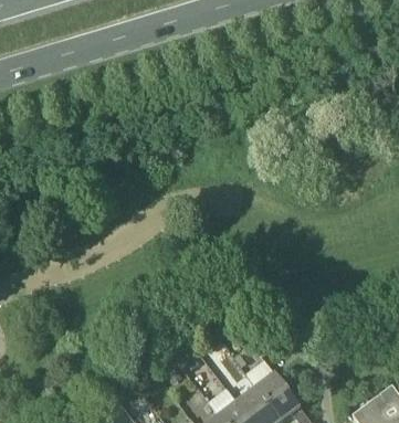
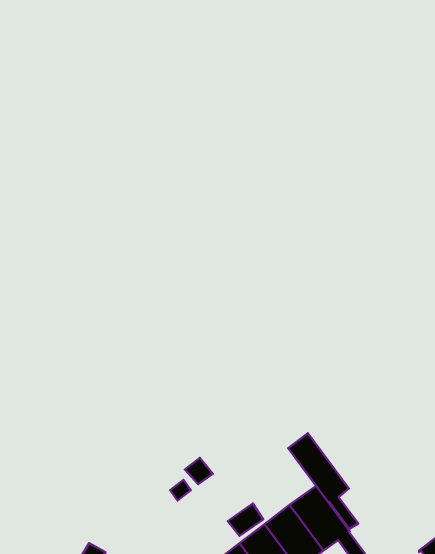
building: none -> [288,433,358,529]

